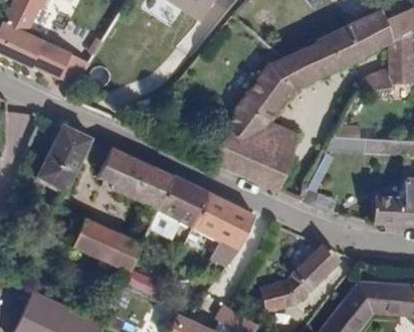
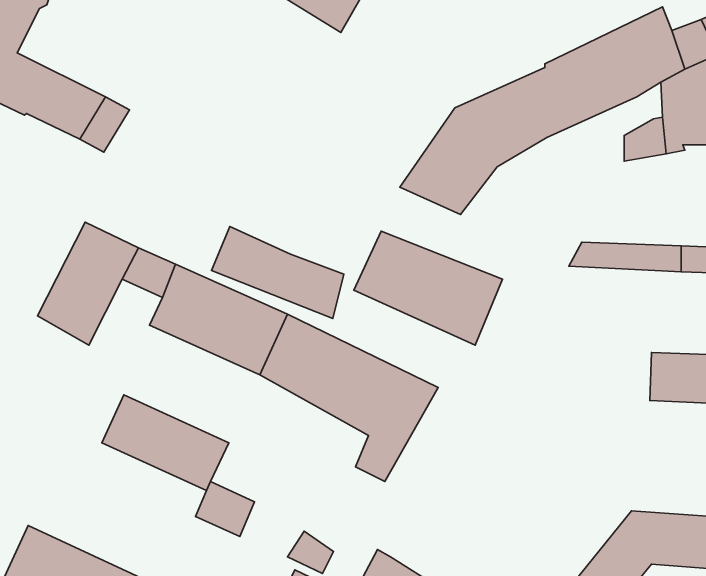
building: [226,106,298,156] -> [211,226,344,318]
building: [262,244,341,313] -> none

